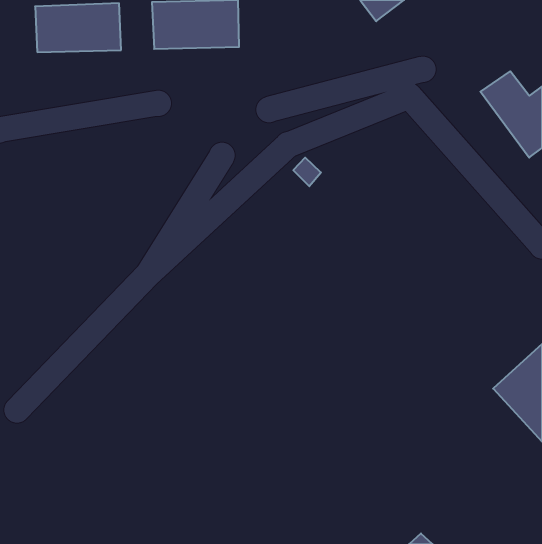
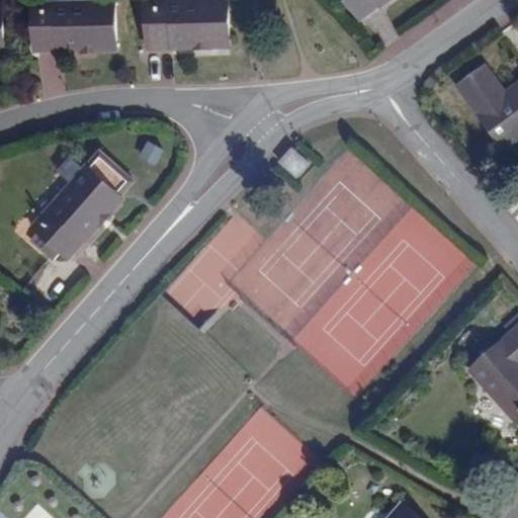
building: none -> [30,154,133,260]

